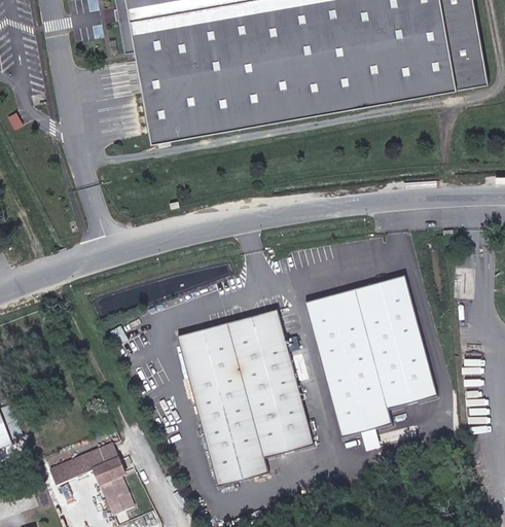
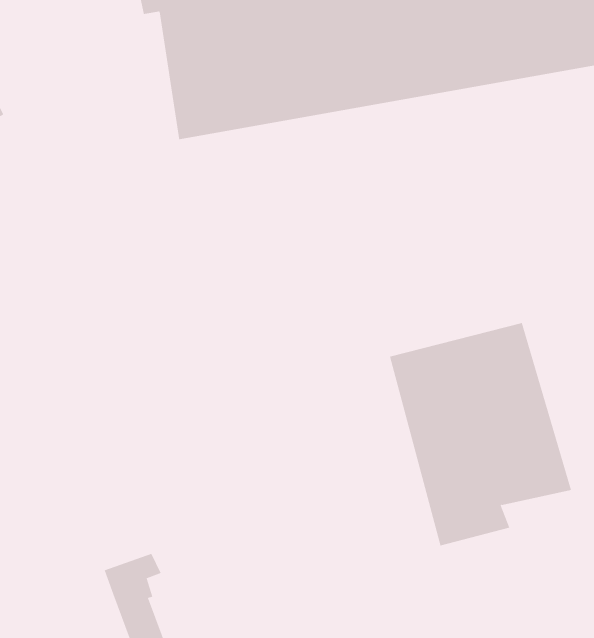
building: [183,313,316,489] -> none
building: [51,456,101,489] -> none

